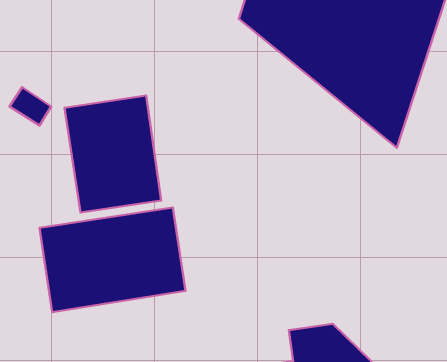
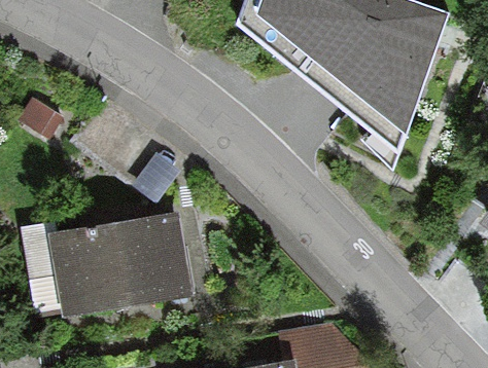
building: [65,95,161,213] -> none

